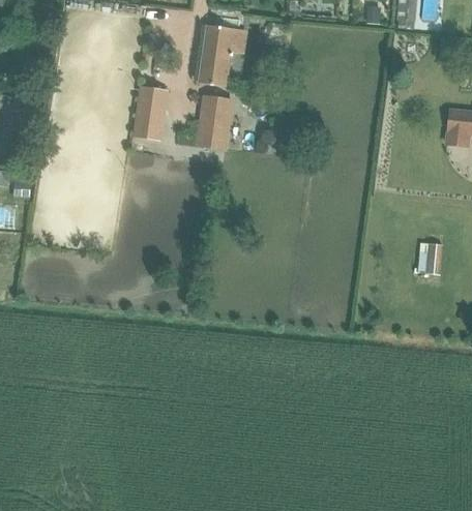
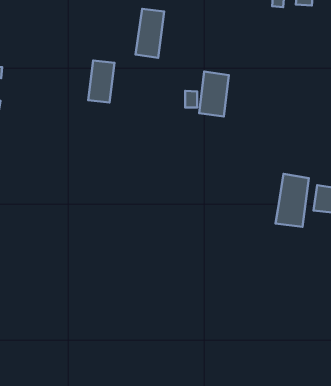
building: [196,94,232,149] -> [199,72,229,116]
building: none -> [276,174,309,227]

